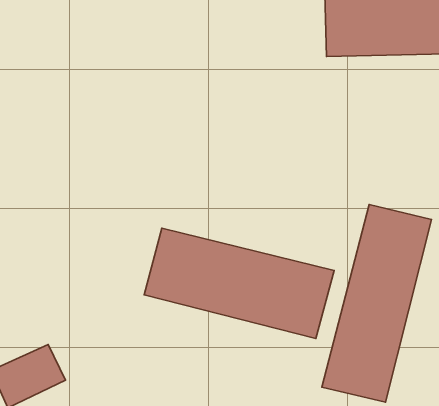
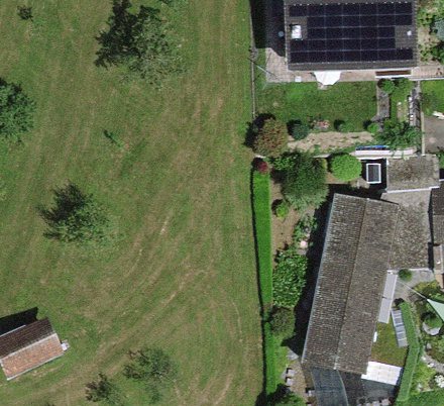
building: [144,228,334,338] -> none

